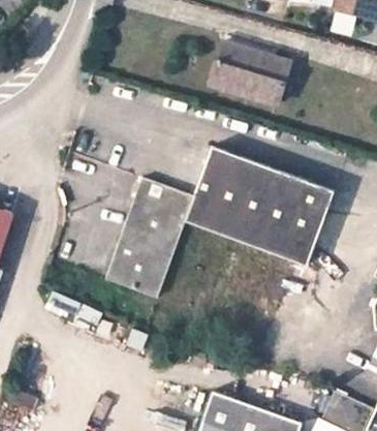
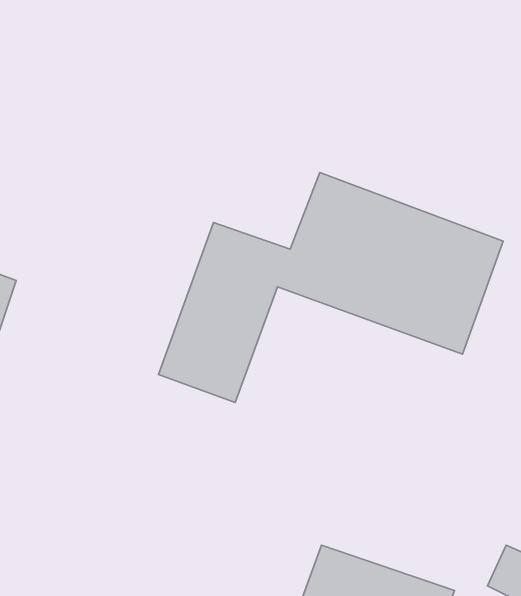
building: [211,42,290,105] -> none

